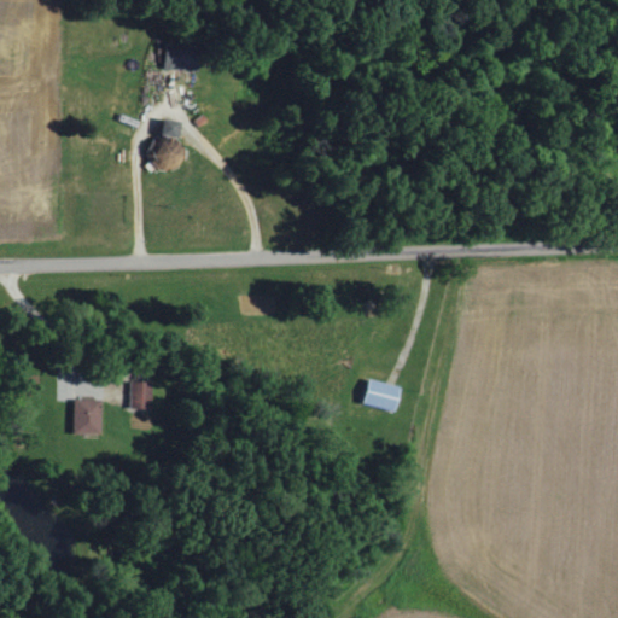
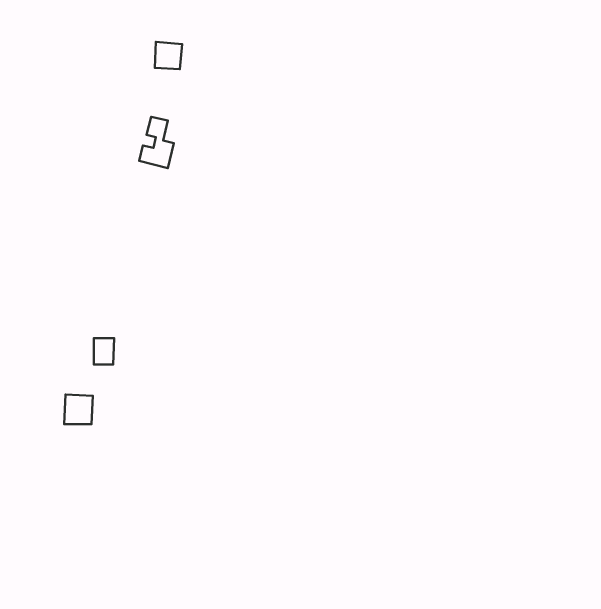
building: [361,379,403,413] -> none
building: [130,383,151,409] -> [94,338,114,364]

